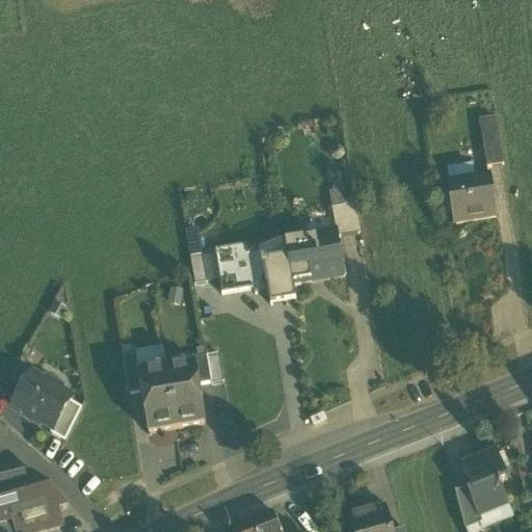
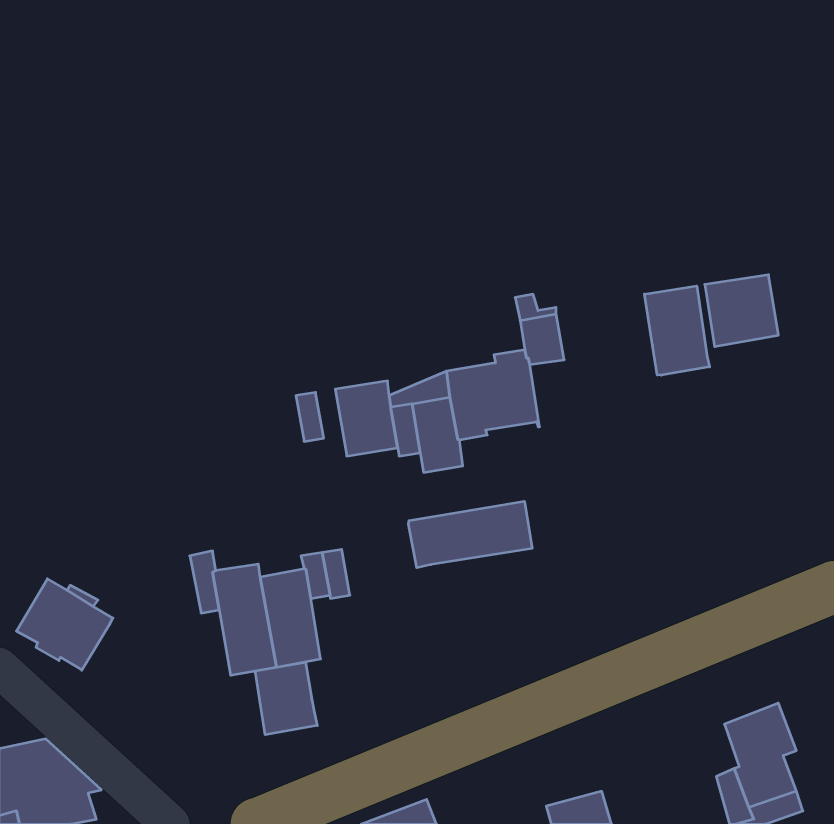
building: [480,127,502,163] -> none
building: none -> [644,286,710,375]
building: none -> [408,501,532,568]
building: [49,397,80,437] -> none
building: none -> [255,662,317,735]

